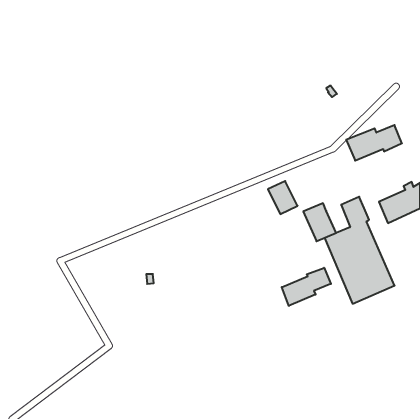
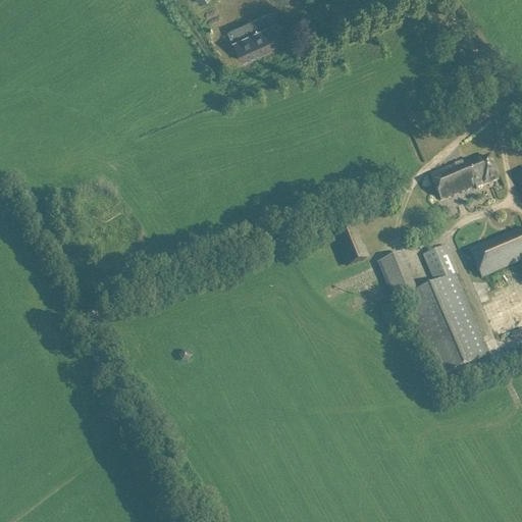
building: none -> [228,10,288,59]
building: [282,268,331,306] -> none

